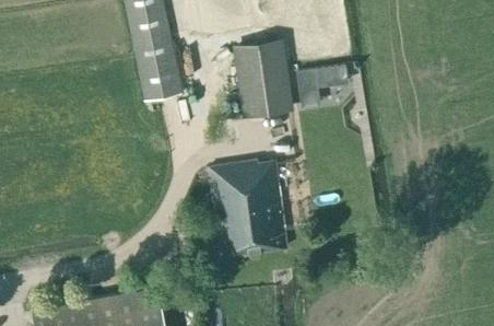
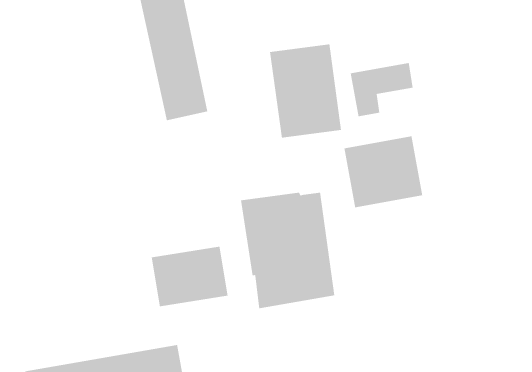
building: none -> [344,136,423,208]
building: none -> [151,246,228,307]

